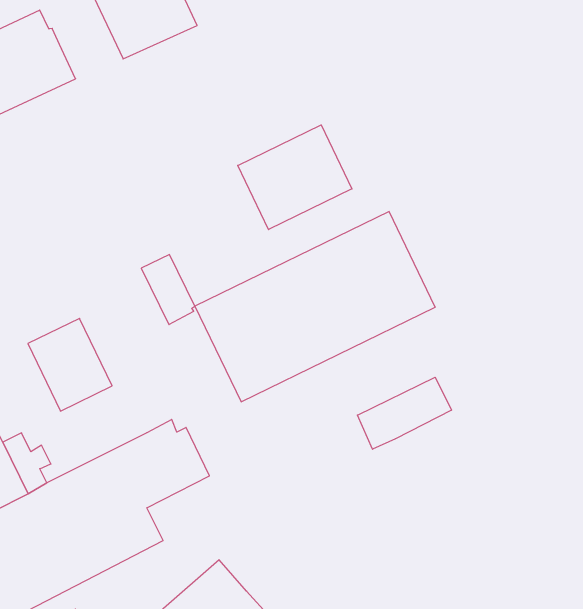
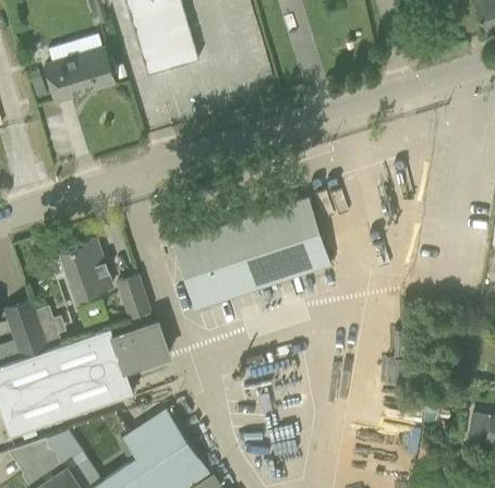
building: [238,125,352,230] -> none
building: [141,255,195,325] -> [117,276,148,321]
building: [357,377,451,449] -> none

